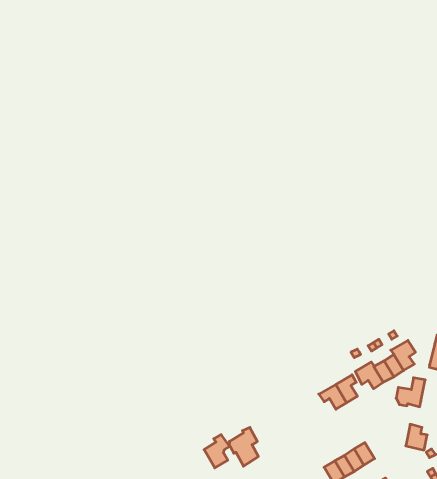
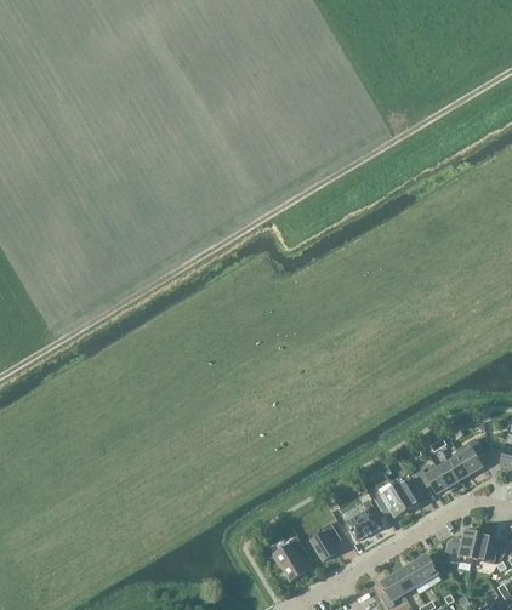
building: [396,378,425,407] -> [445,531,478,564]
building: none -> [346,500,381,541]
building: [204,435,230,468] -> [311,523,340,560]

